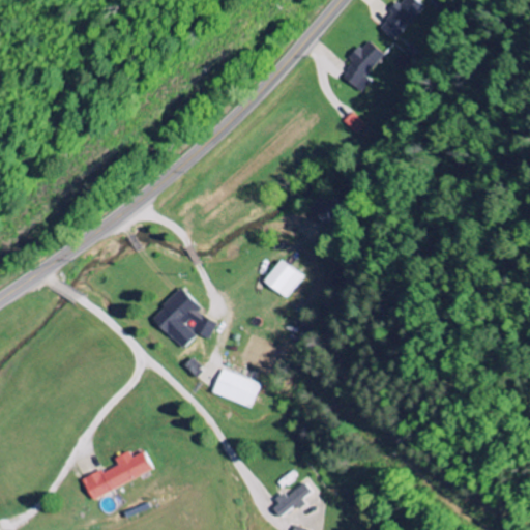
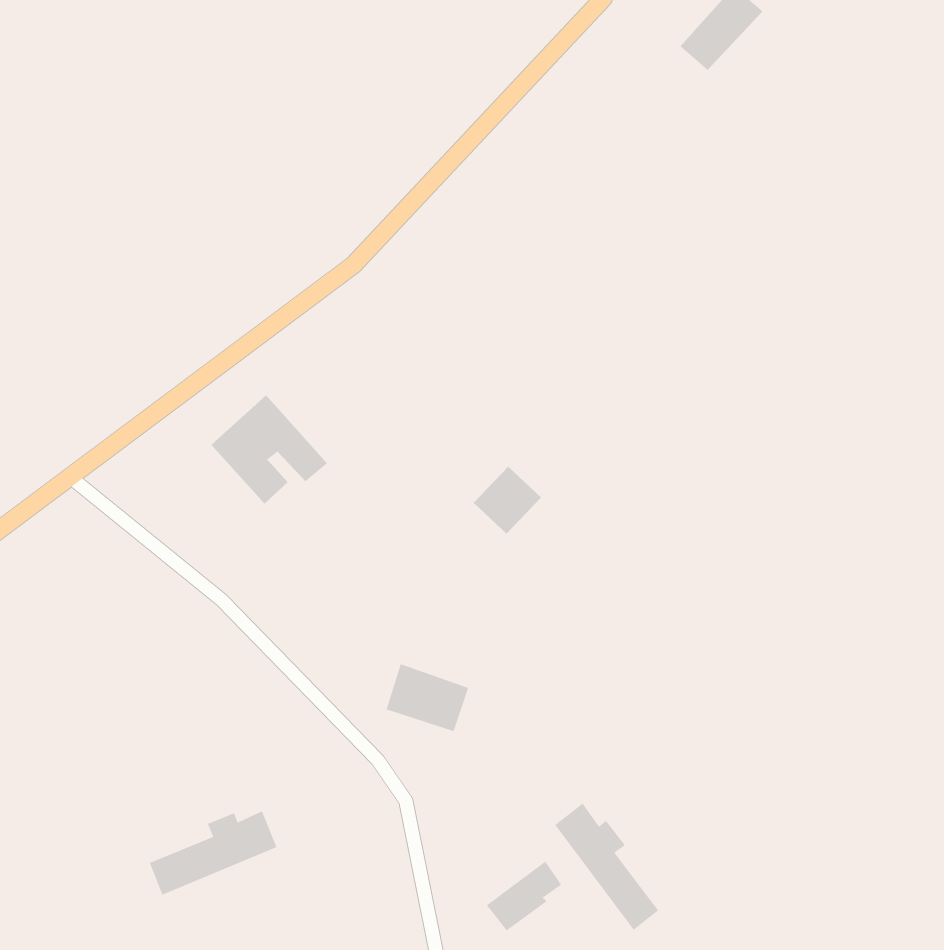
building: [342,38,384,91] -> none
building: [151,288,216,349] -> [210,395,328,505]
building: none -> [554,802,659,931]

